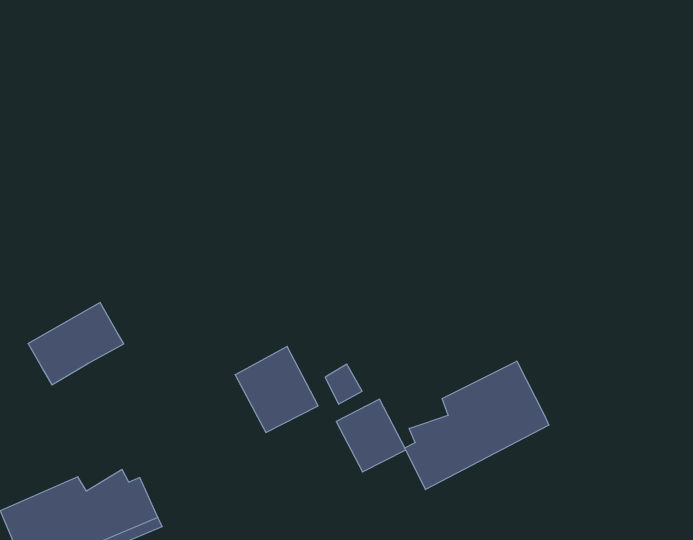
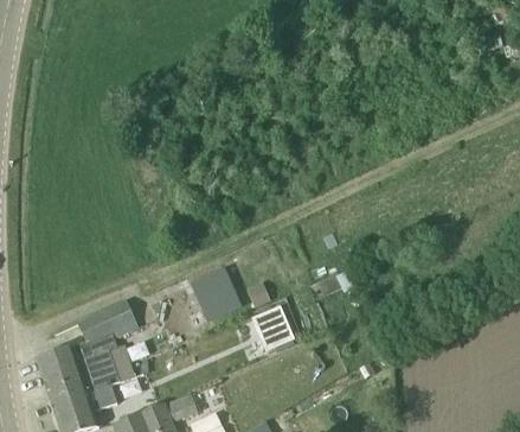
building: [28,303,124,385] -> [77,299,137,349]
building: [405,361,549,490] -> none

